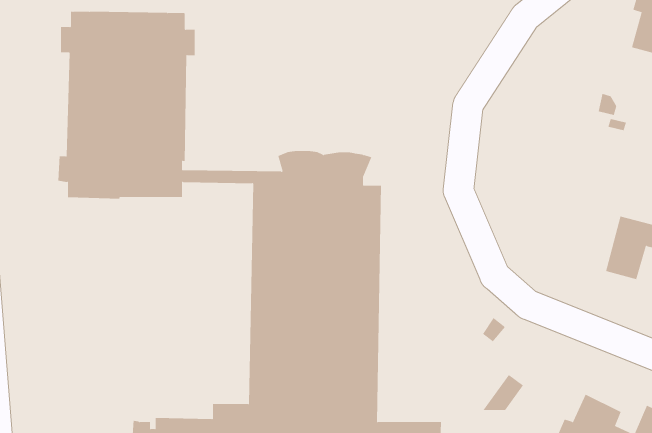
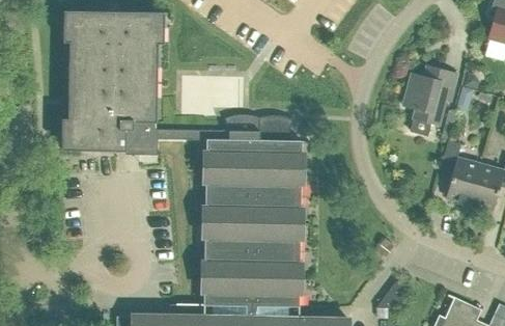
building: none -> [403,65,457,135]
building: none -> [440,139,480,207]

